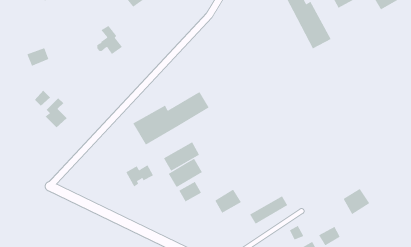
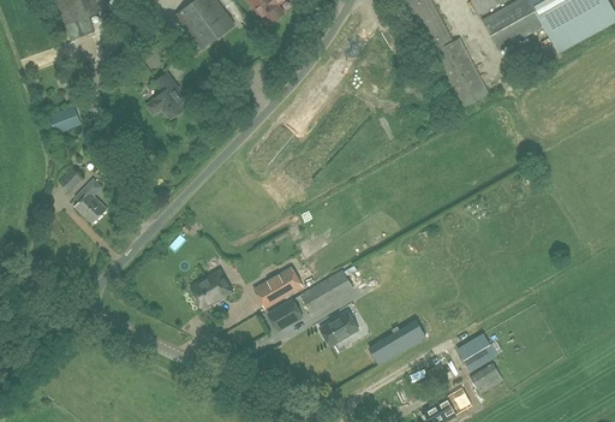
building: [133,91,209,146] -> none
building: [163,141,200,171] -> [300,269,353,313]
building: [343,188,370,215] -> [456,332,496,370]

